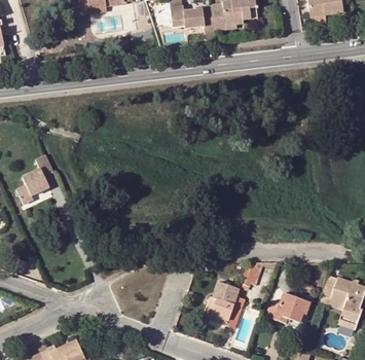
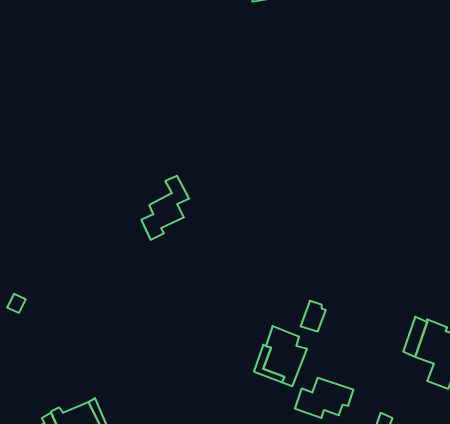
building: [15,154,52,204] -> [141,176,189,240]
building: [265,293,311,324] -> [295,378,354,418]

